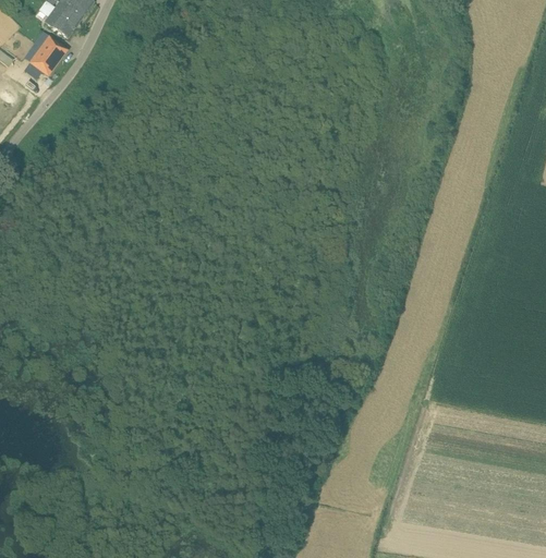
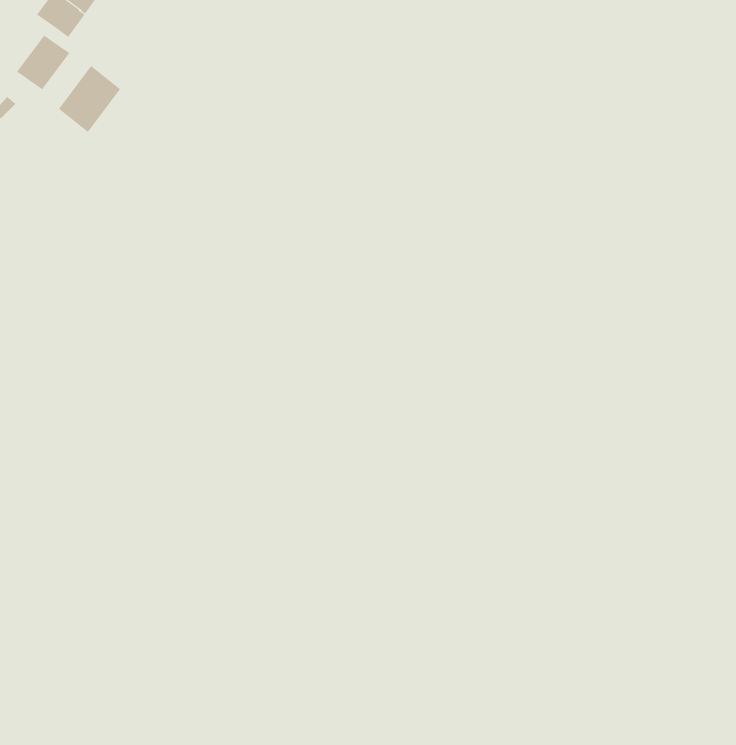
building: none -> [58,65,121,133]

